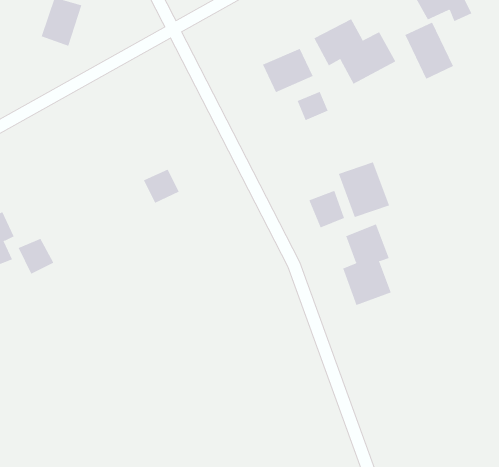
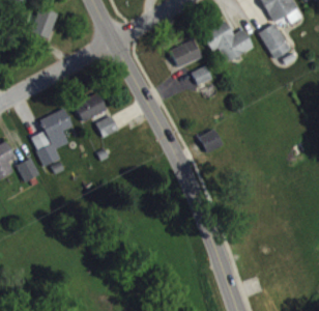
building: none -> [75,93,107,121]
building: none -> [31,109,72,167]
building: [338,161,390,218] -> none
building: [343,224,392,306] -> none

